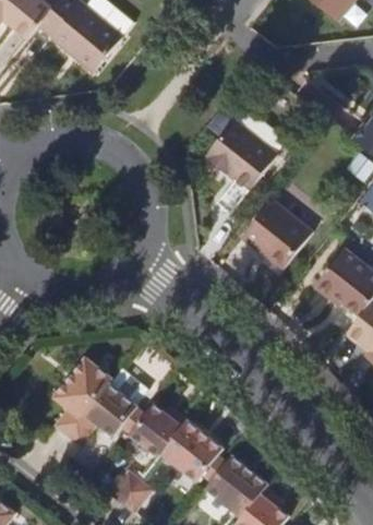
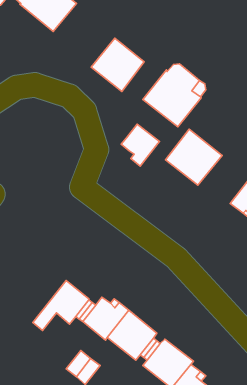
building: none -> [91,38,144,92]
building: none -> [121,124,160,166]
building: [53,357,112,435] -> none

